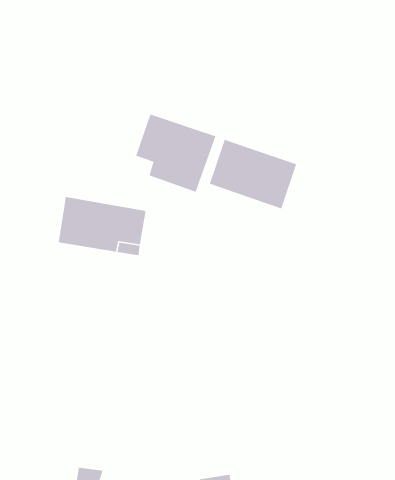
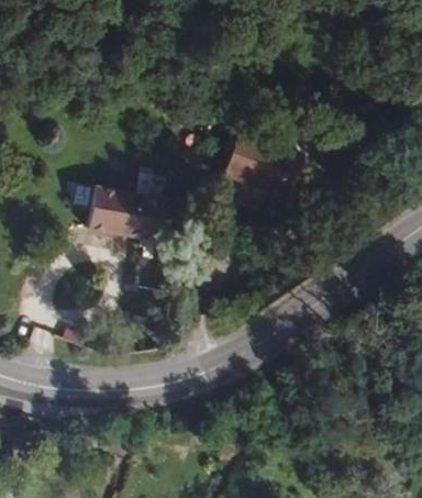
building: [135,113,217,193] -> none

